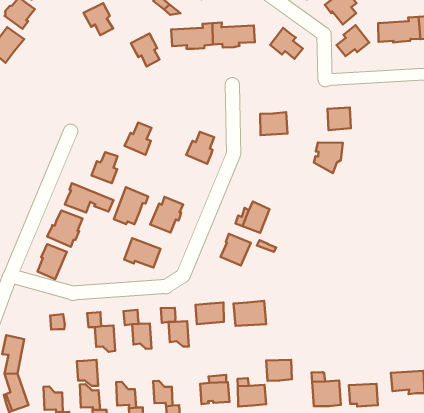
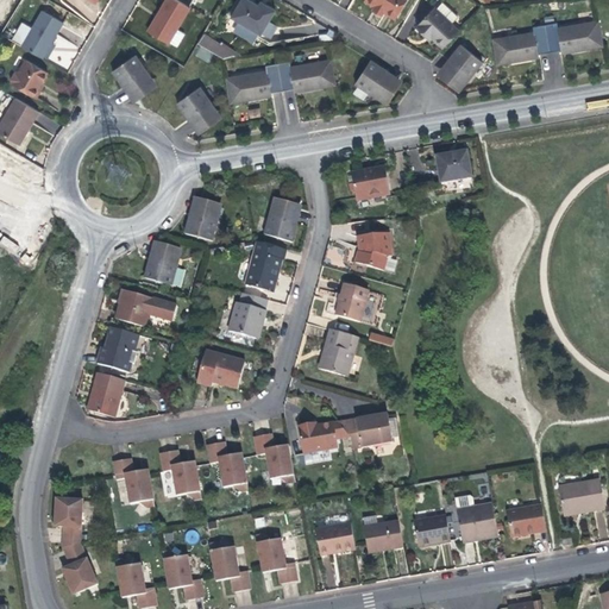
building: [314,143,343,173] -> [353,231,388,271]
building: [114,187,148,224] -> [246,244,287,291]
building: [77,360,98,386] -> [124,476,155,510]
building: [266,360,292,381] -> [415,516,451,547]

